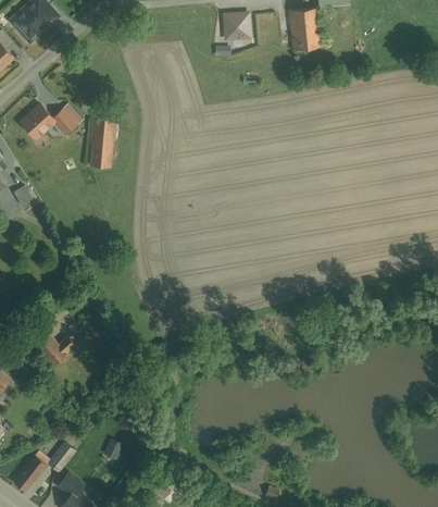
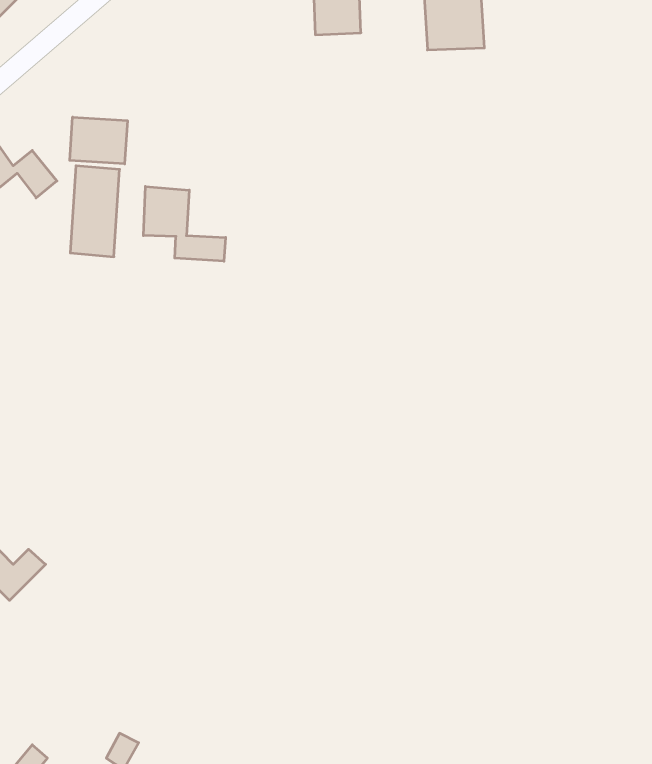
building: none -> [70,117,127,164]
building: none -> [143,186,226,261]

